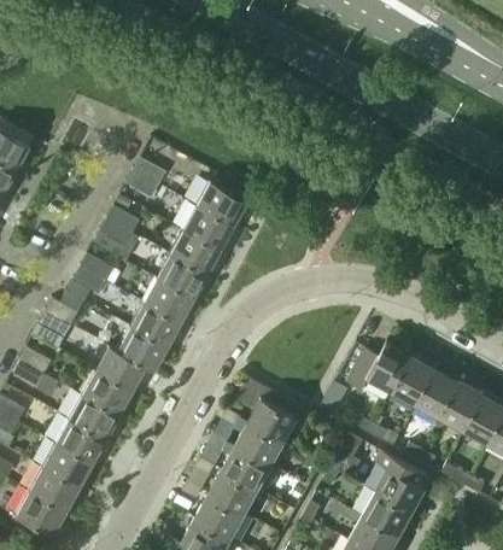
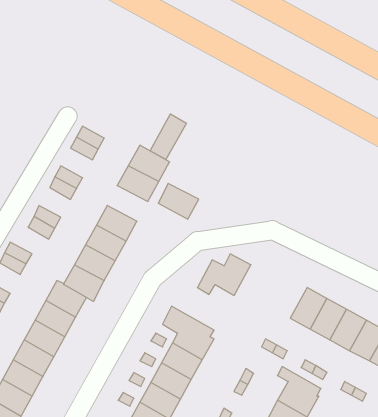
building: none -> [150,114,186,159]
building: [169,230,218,274] -> [158,183,199,219]
building: [347,341,413,392] -> [197,254,251,295]

